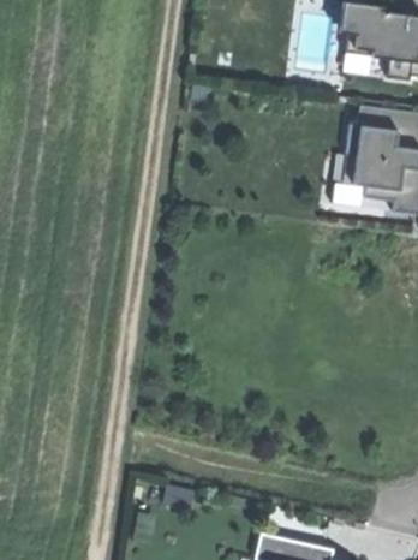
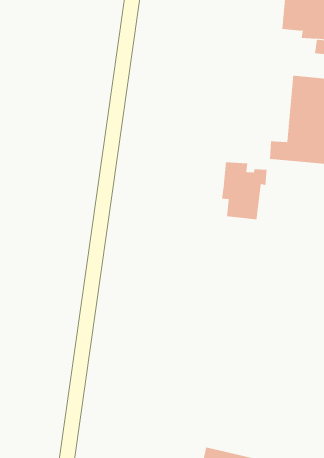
building: none -> [222,161,267,220]

